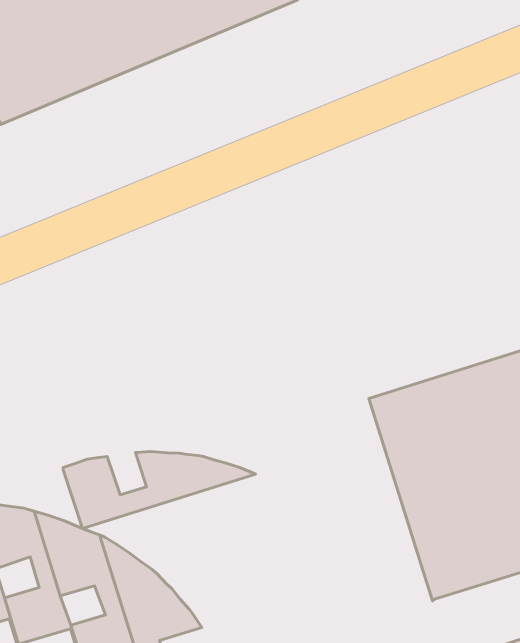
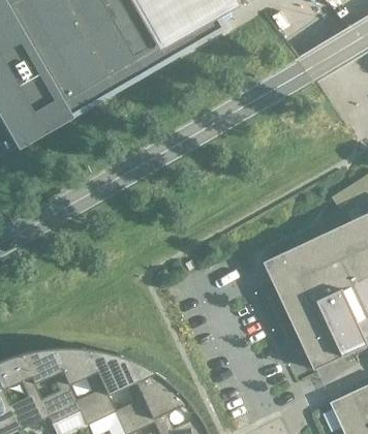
building: [63,452,256,528] -> none

